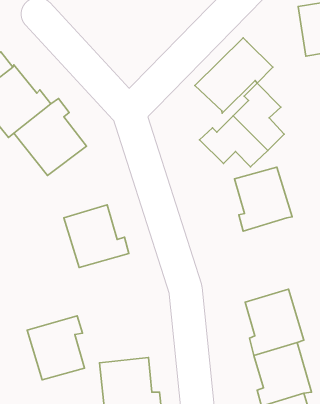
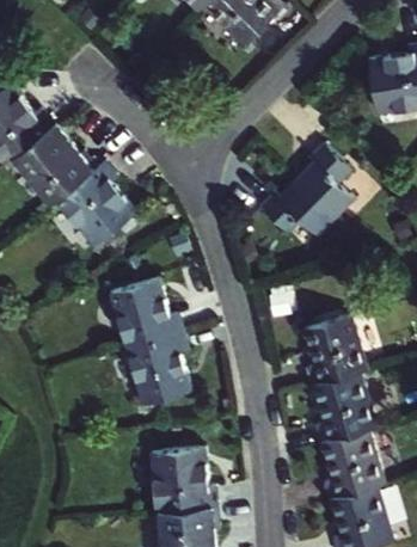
building: [195,38,273,113] -> none
building: [235,167,292,231] -> [301,315,364,386]
building: [27,316,85,380] -> [128,332,191,402]

